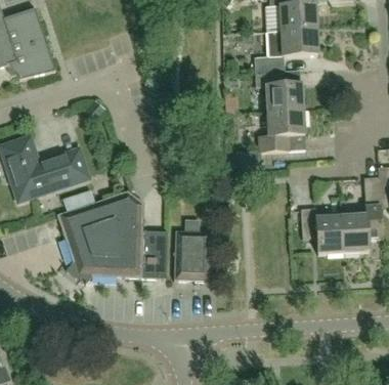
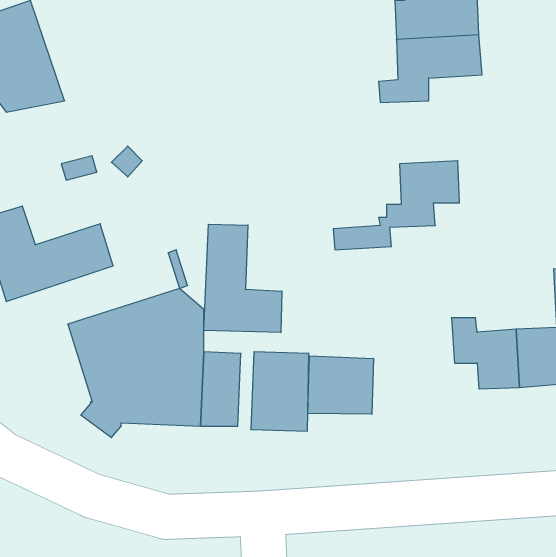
building: [255,71,304,111] -> none
building: none -> [204,224,282,333]
building: none -> [308,356,373,414]

